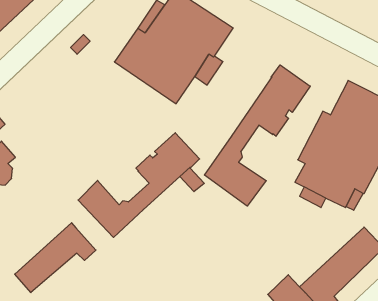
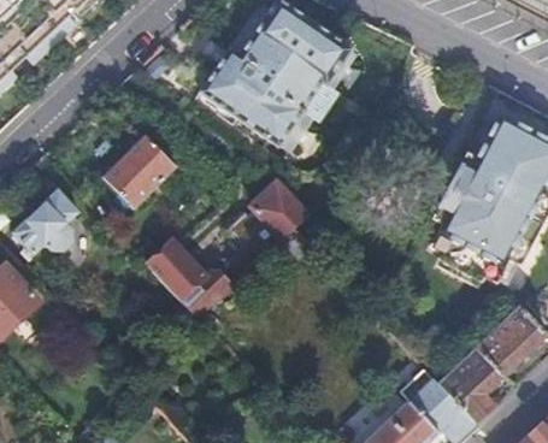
building: [204,65,310,206] -> none
building: none -> [106,132,177,203]
building: [15,223,96,293] -> none

